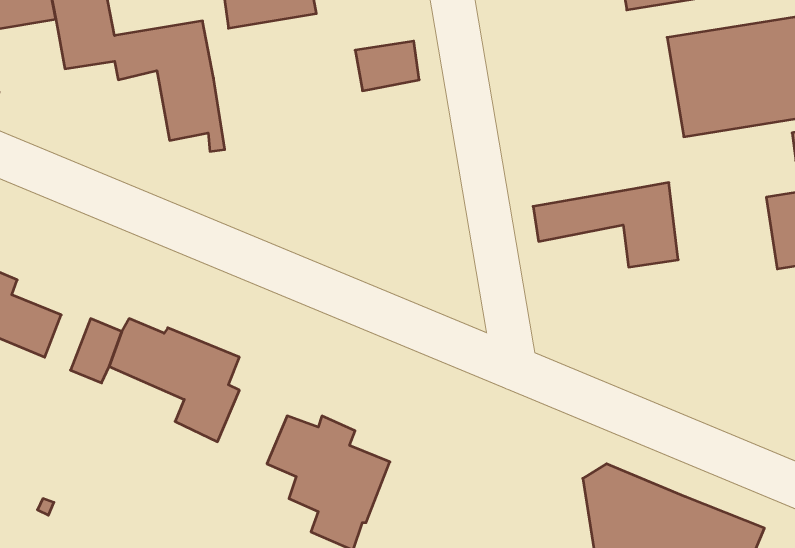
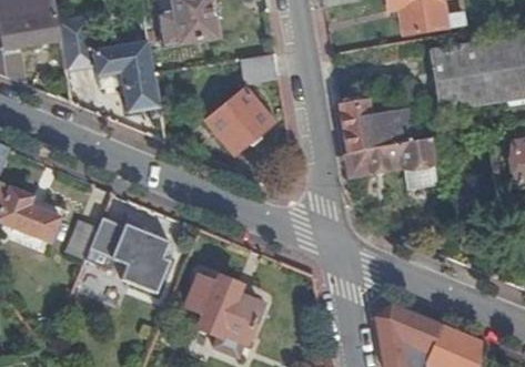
building: none -> [208,88,271,150]
building: none -> [341,103,411,151]

